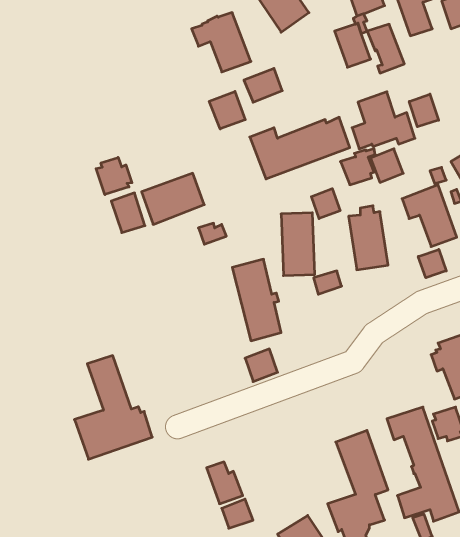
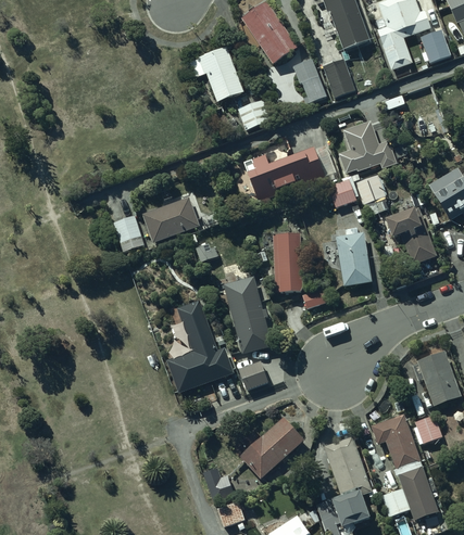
building: [367,24,404,73] -> [292,59,327,104]
building: [209,91,245,129] -> none
building: [409,94,439,127] -> none
building: [96,157,132,195] -> none
building: [311,189,340,219] -> none
building: [418,249,446,278] -> none
building: [74,356,152,459] -> [164,298,237,395]
building: none -> [239,416,304,479]

